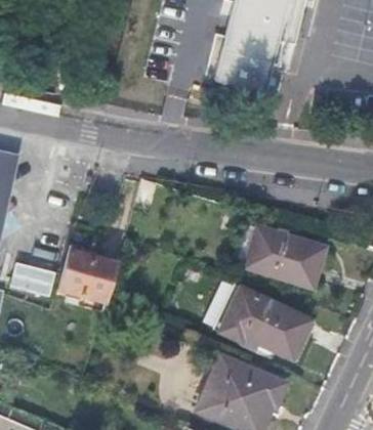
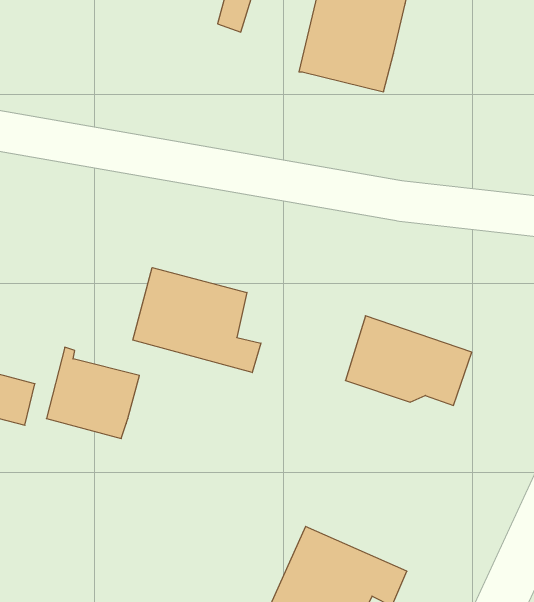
building: none -> [133,268,261,373]
building: [218,287,309,359] -> none

